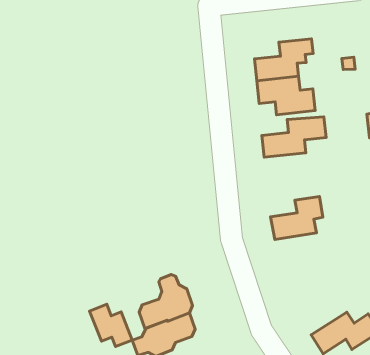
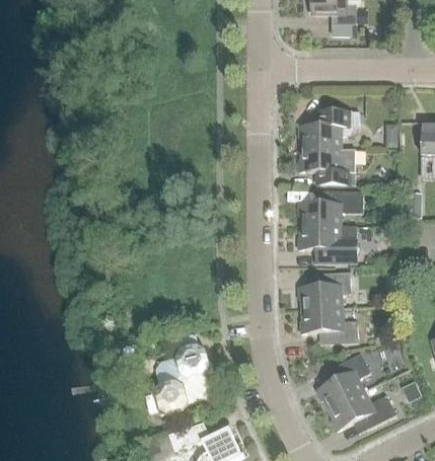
building: none -> [298,225,357,261]
building: none -> [300,307,359,342]
building: none -> [316,352,371,409]
building: [90,304,132,346] -> none

